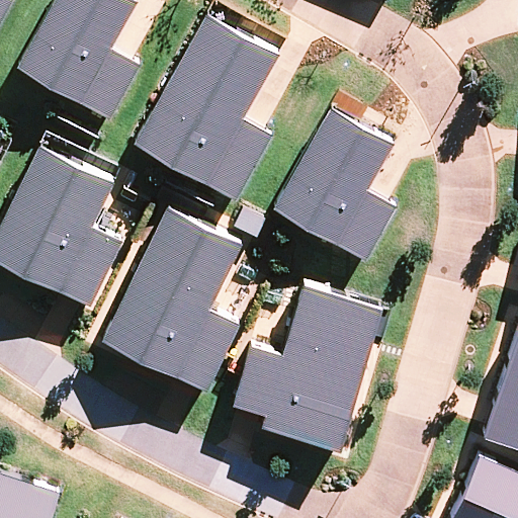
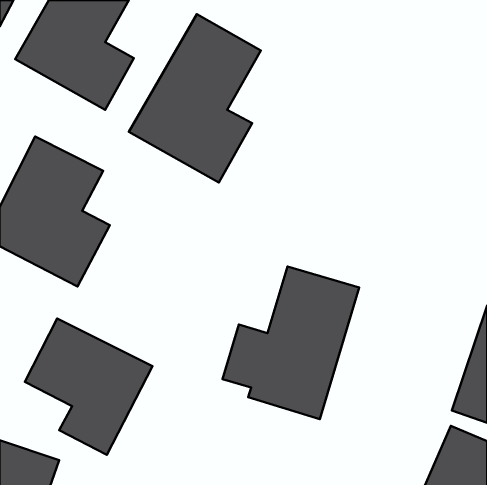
building: [273,109,400,263] -> none
building: [104,209,240,390] -> none
building: none -> [25,319,152,455]

